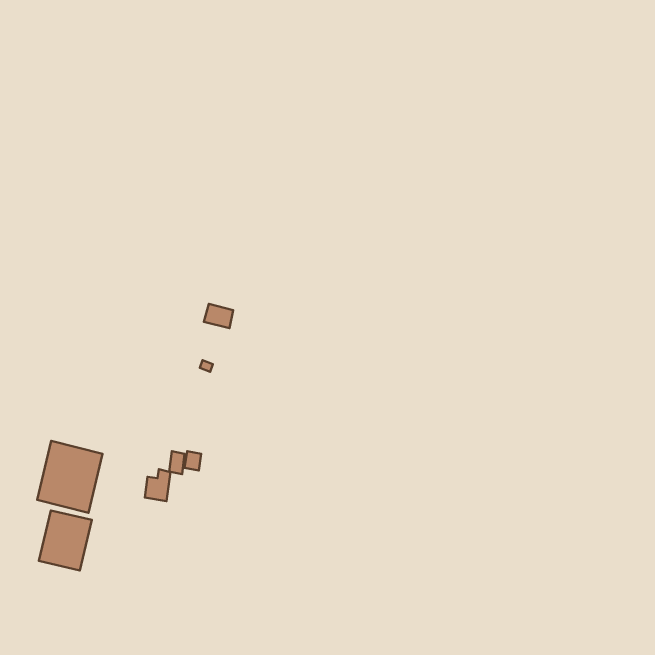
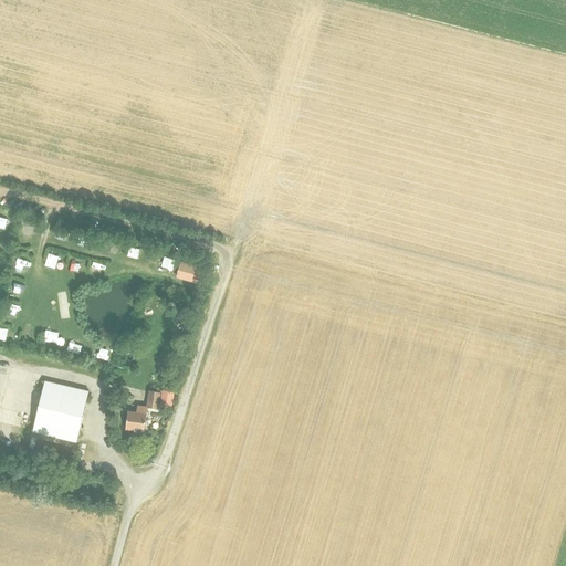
building: [39,511,92,570] -> none

